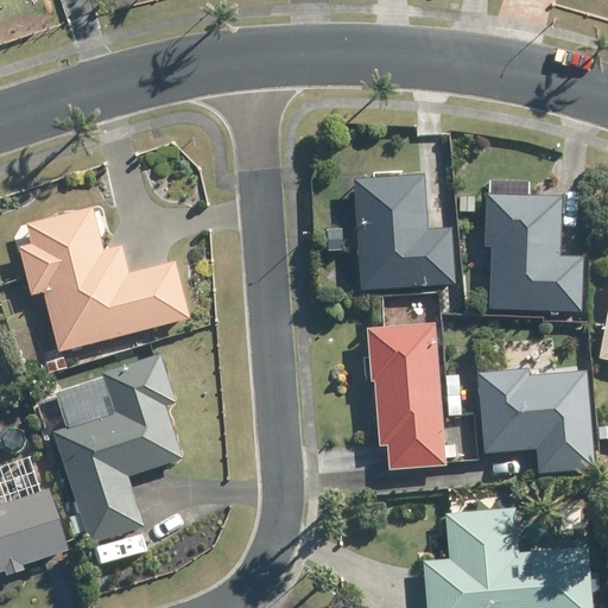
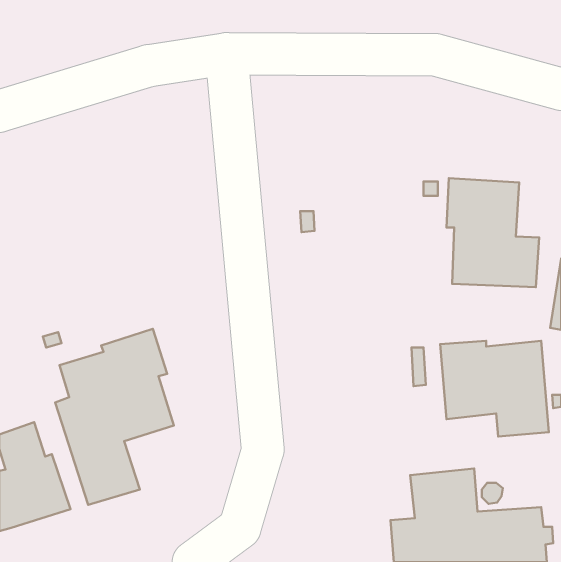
building: [352,175,452,287] -> none
building: [26,208,198,350] -> none
building: [363,323,454,470] -> none

